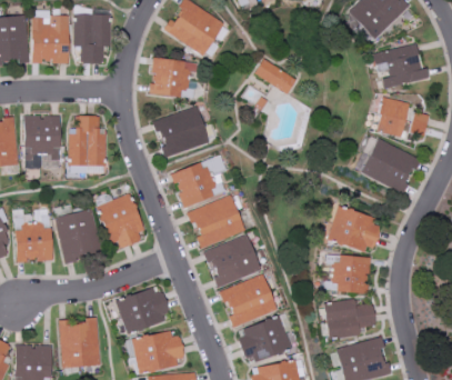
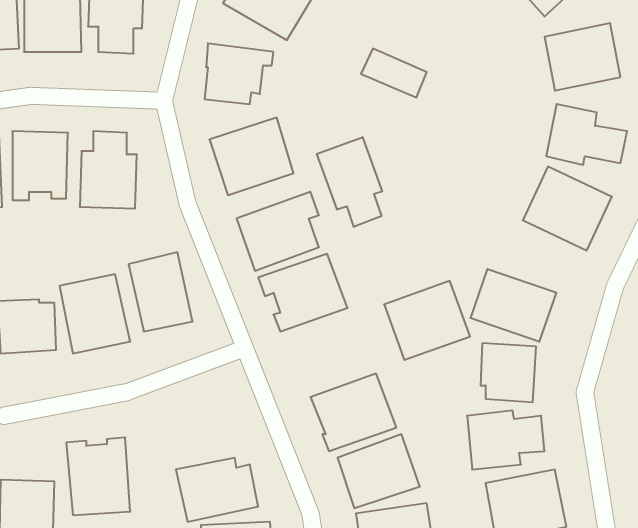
building: none -> [317,137,382,227]
building: [204,234,261,287] -> [384,281,470,360]
building: [115,287,169,332] -> none

